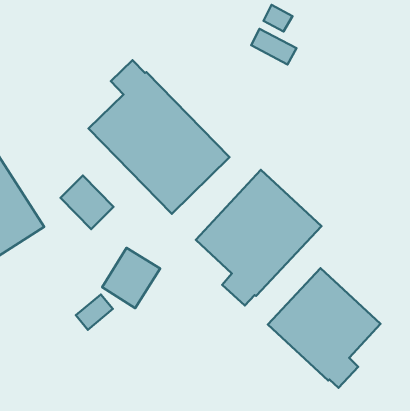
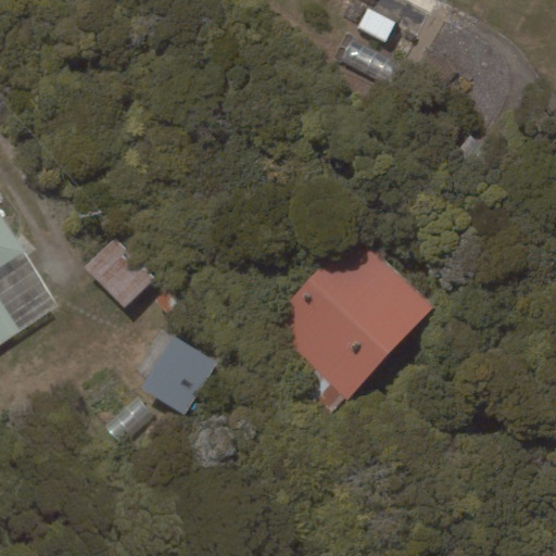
building: [89,60,230,214] -> none
building: [268,268,381,388] -> none

